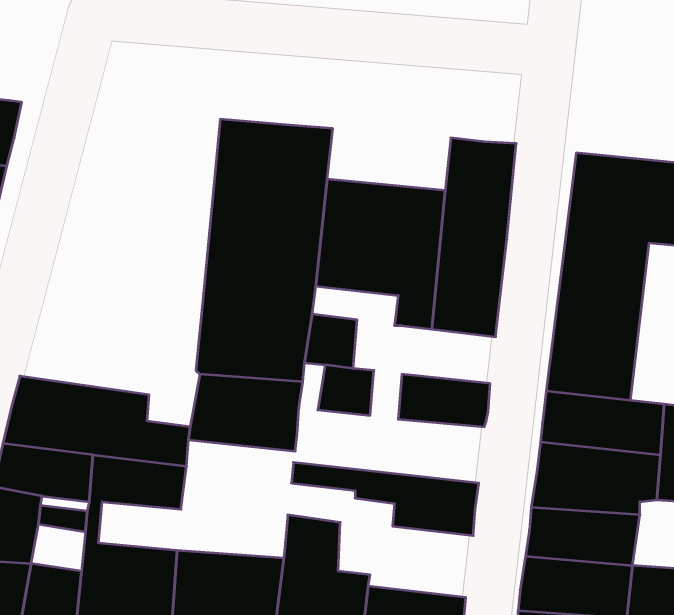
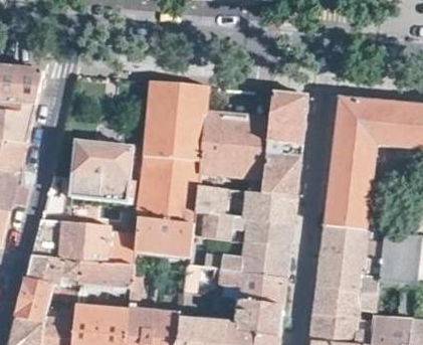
building: none -> [71,141,132,201]
building: none -> [243,189,296,220]
building: none -> [188,239,290,274]
building: none -> [212,295,284,335]

